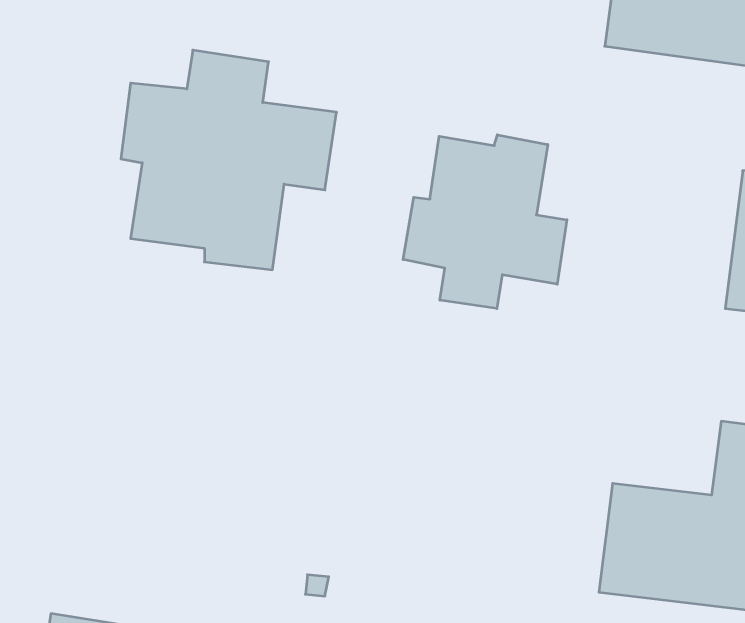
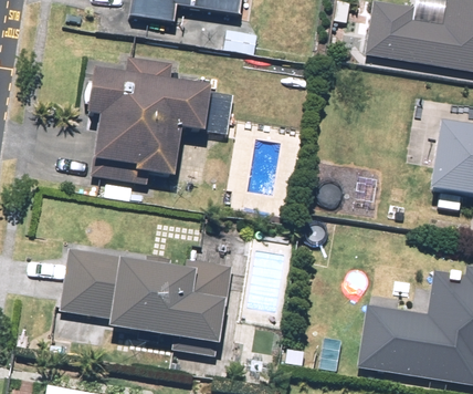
building: [403,135,567,309] -> none
building: none -> [61,242,232,336]

